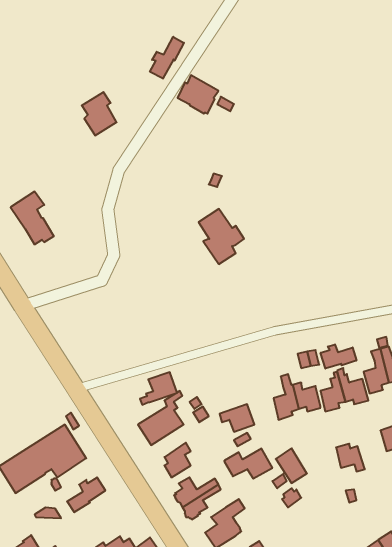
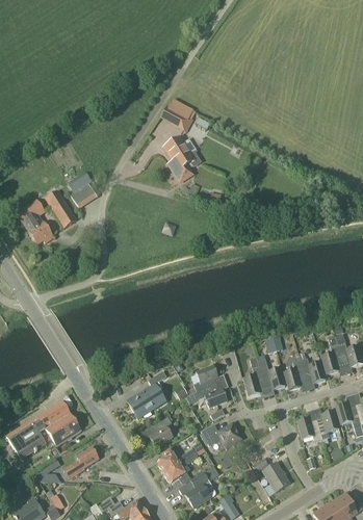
building: [150,37,184,79] -> none
building: [82,92,117,135] -> [67,171,97,208]
building: none -> [45,189,76,227]
building: [199,209,244,264] -> [161,135,201,183]
building: [321,344,356,369] -> none
building: [140,372,177,405] -> [188,365,221,393]
building: none -> [316,410,339,439]
building: [276,448,307,483] -> [262,461,289,491]

